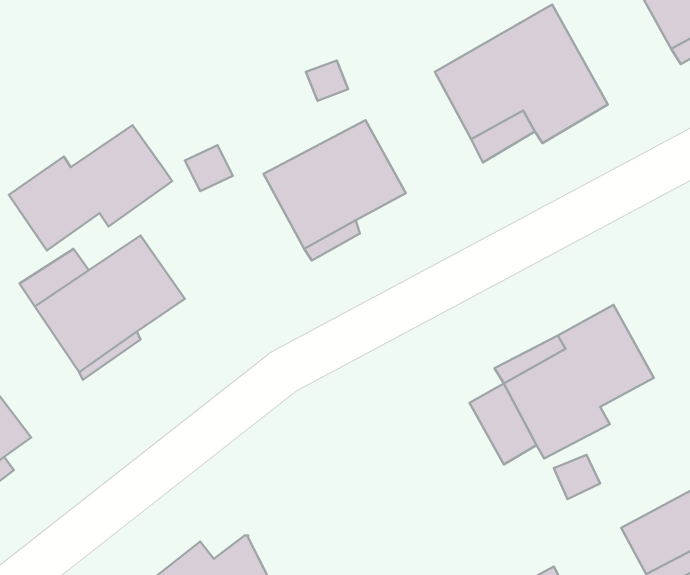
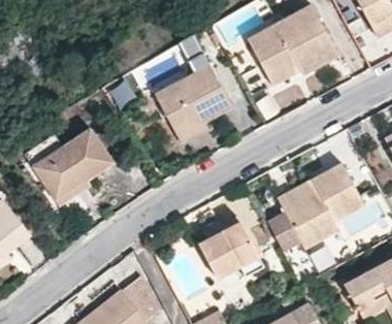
building: [9,125,172,250] -> none
building: none -> [199,218,263,294]

